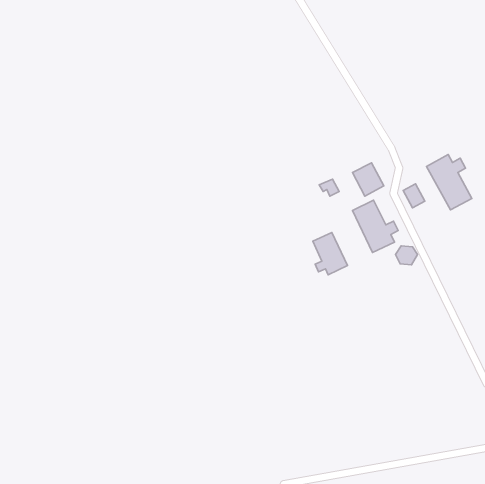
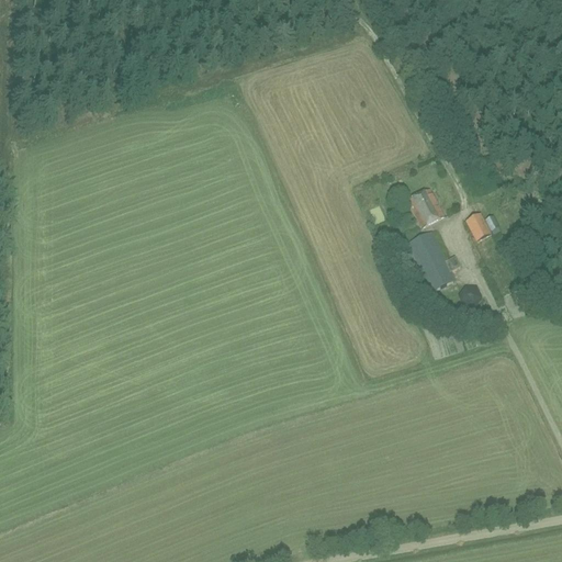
building: [426,154,472,210] -> none
building: [313,232,348,275] -> none

